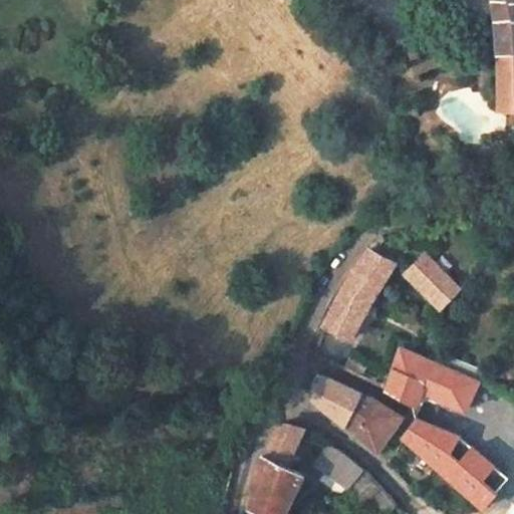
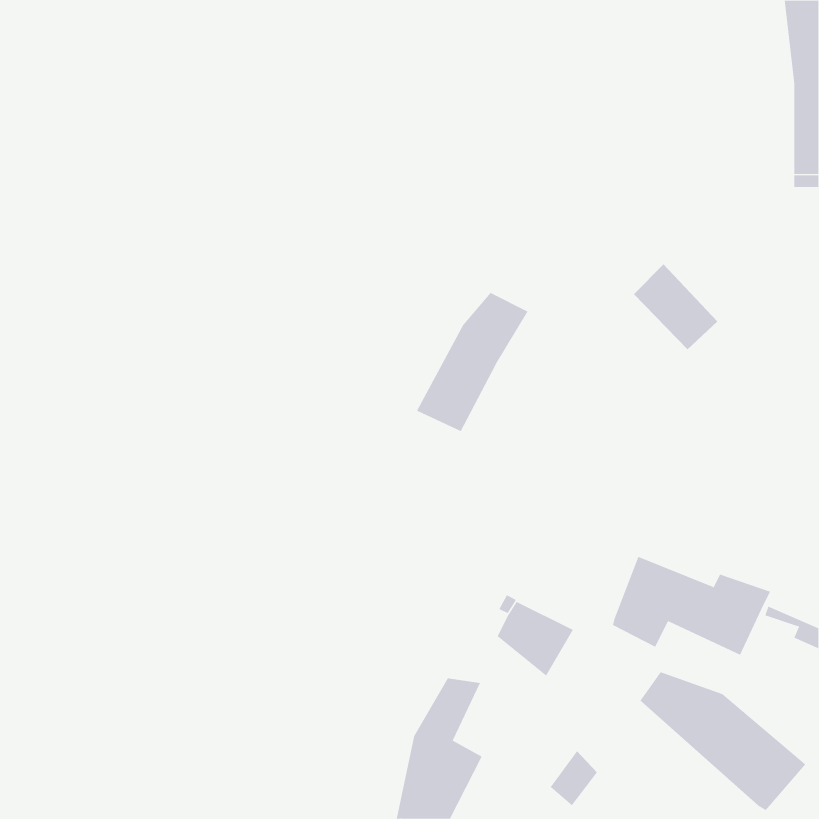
building: [322,252,393,339] -> [416,292,528,432]
building: [406,254,459,308] -> [633,264,718,350]
building: [342,395,401,451] -> none
building: [313,443,360,487] -> none

